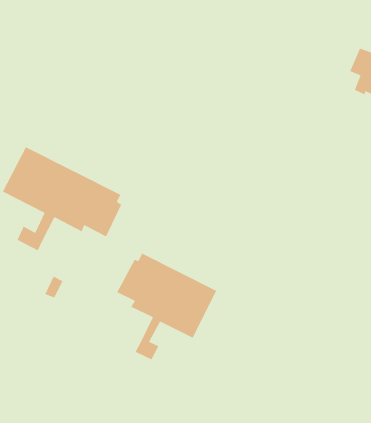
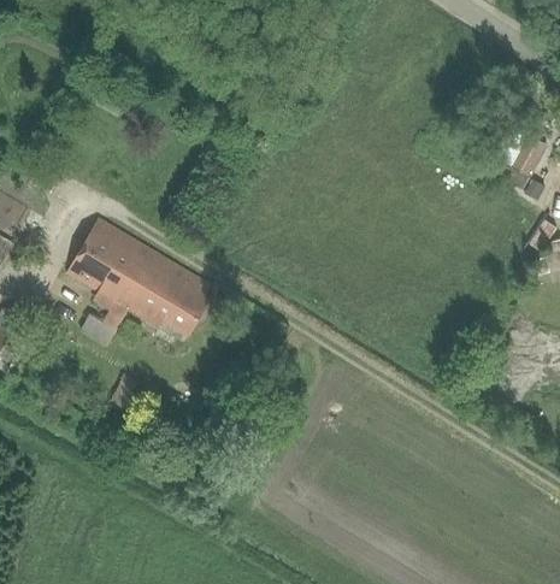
building: [116,253,217,361] -> none

